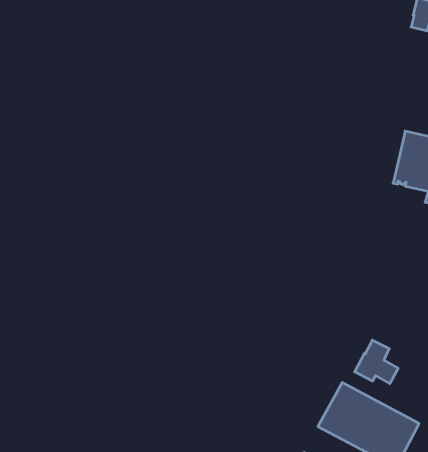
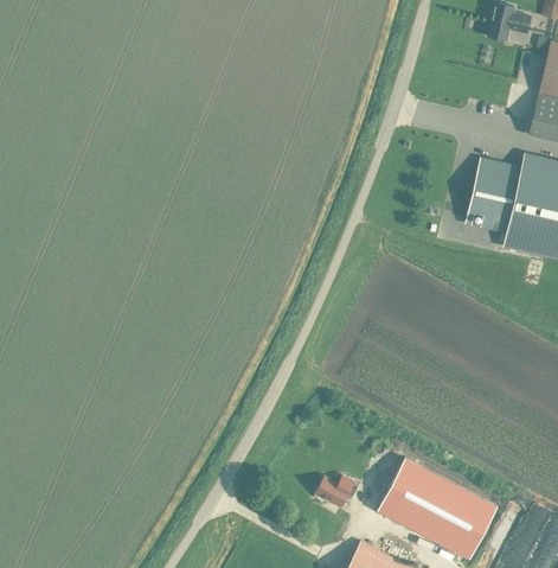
building: [355,340,398,384] -> none
building: none -> [316,478,351,508]

